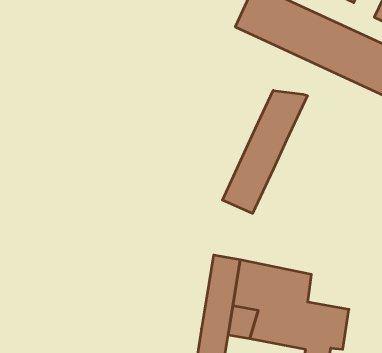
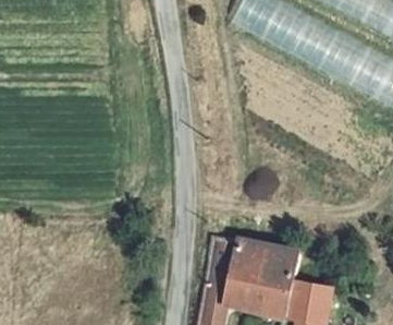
building: [222,90,307,213] -> none

